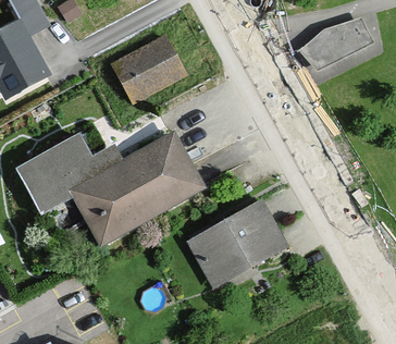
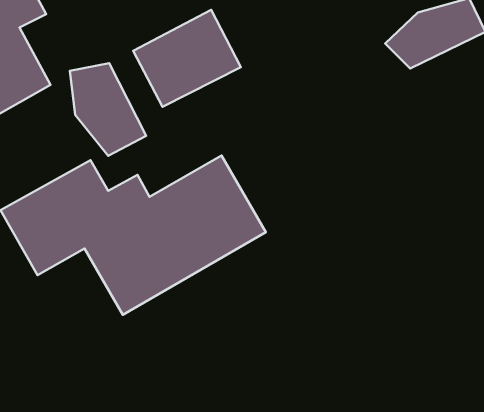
building: none -> [70,63,146,156]
building: [185,198,287,288] -> none

